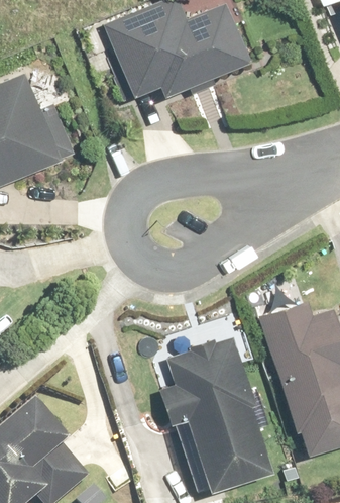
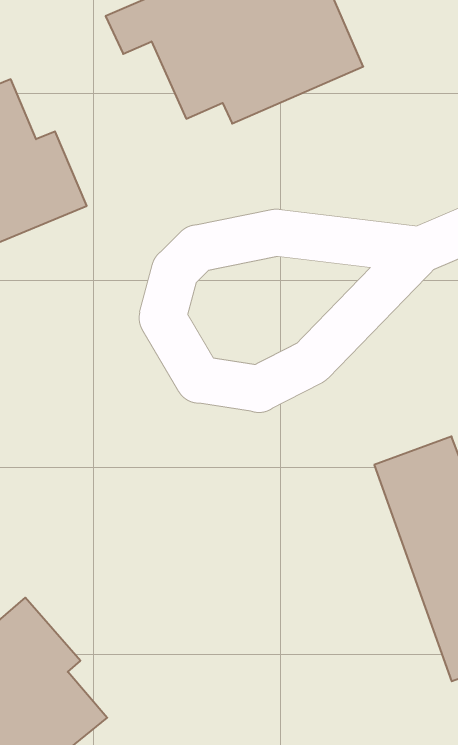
building: [161,339,274,490] -> none

